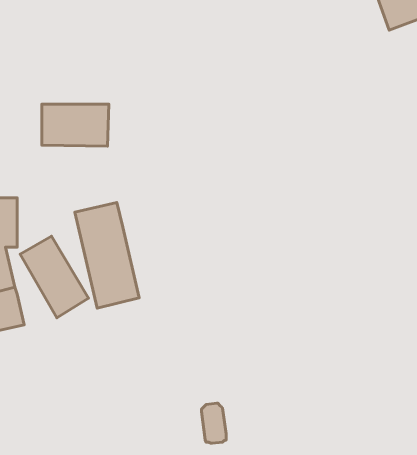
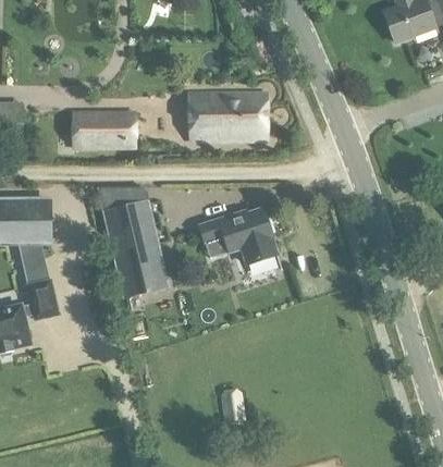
building: none -> [190,95,266,139]
building: none -> [201,208,276,262]
building: [20,236,89,318] -> none

